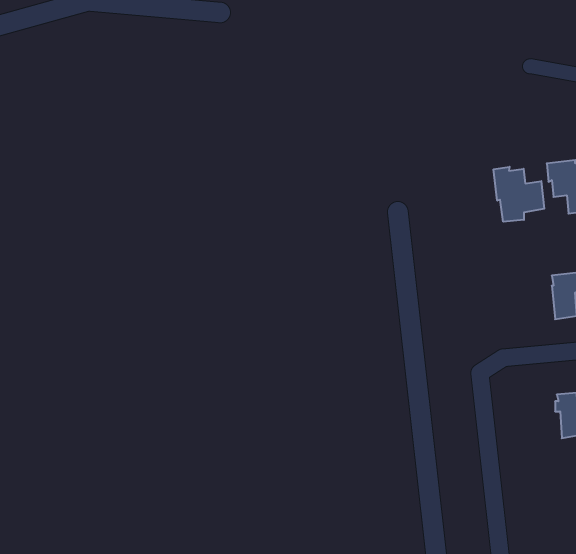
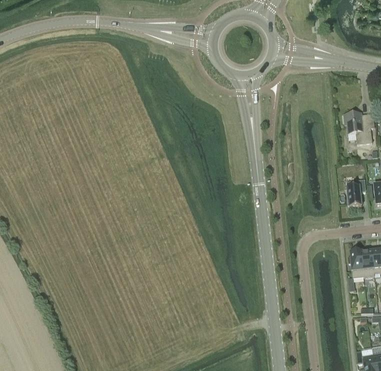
building: [494,167,544,222] -> none

